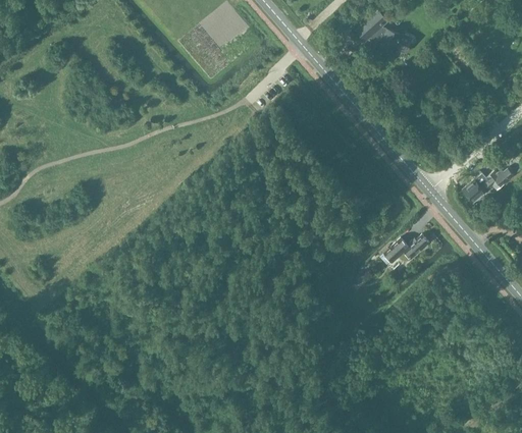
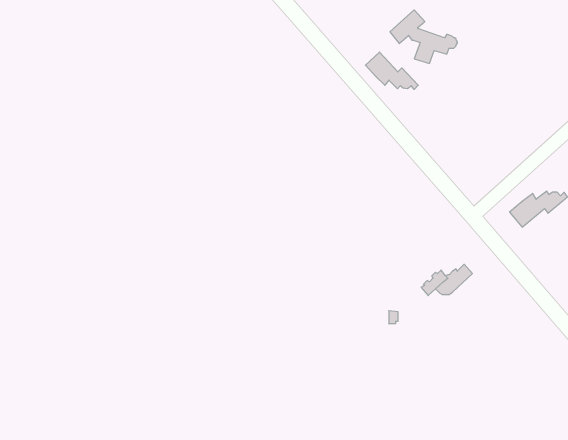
building: none -> [365,52,418,89]

